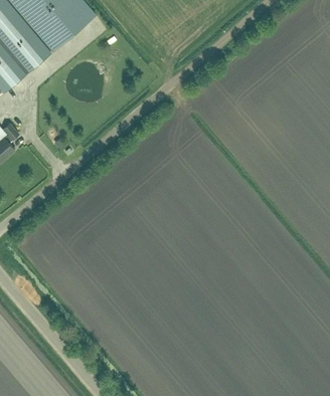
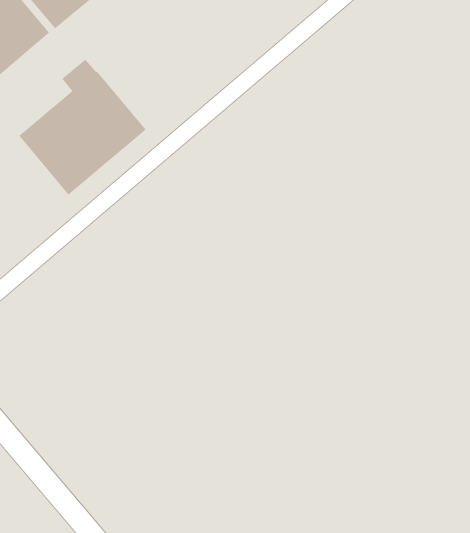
building: none -> [19,59,146,195]

